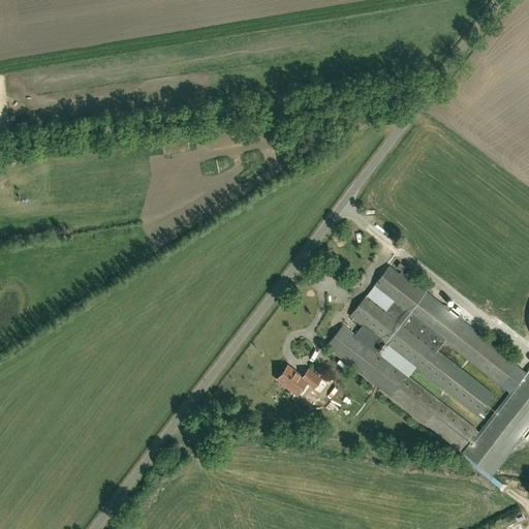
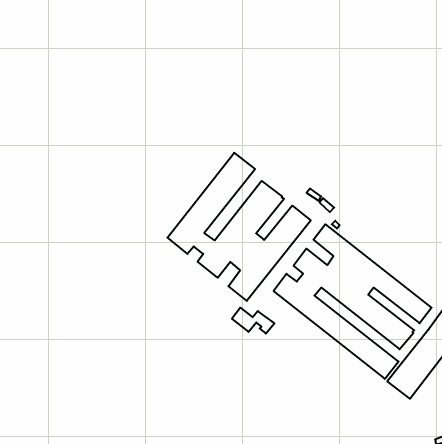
building: none -> [167,153,311,301]

